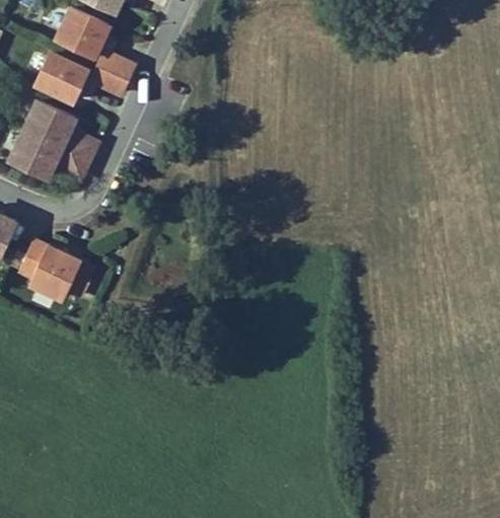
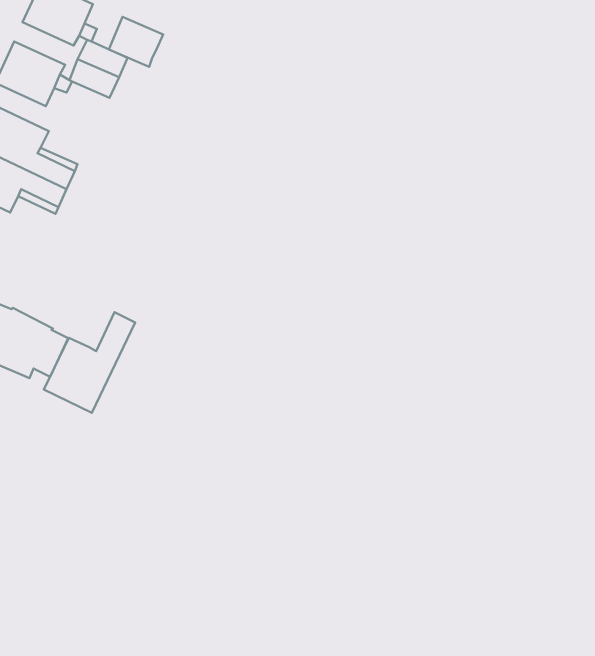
building: none -> [109,17,163,67]
building: none -> [44,312,135,413]

